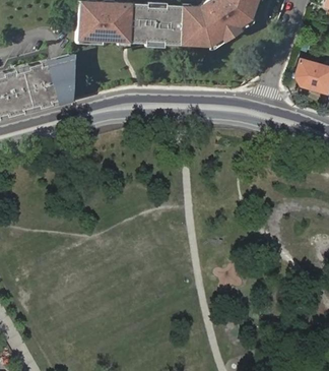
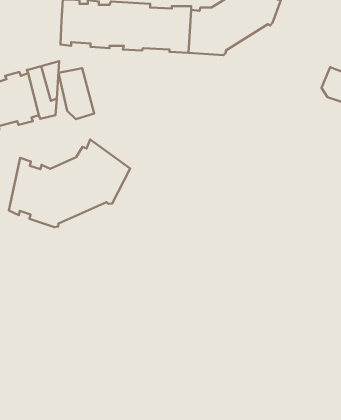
building: none -> [58,68,94,119]
building: none -> [9,140,130,227]

